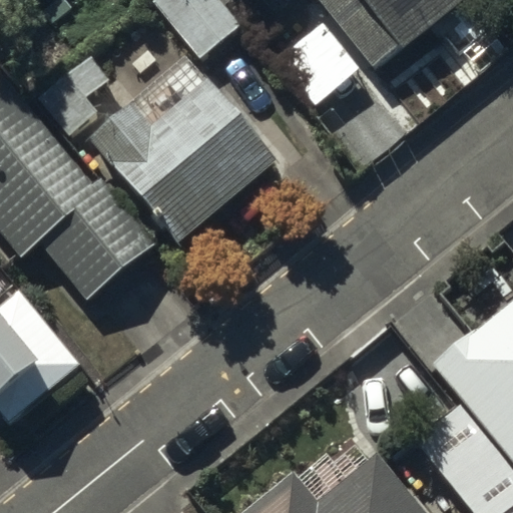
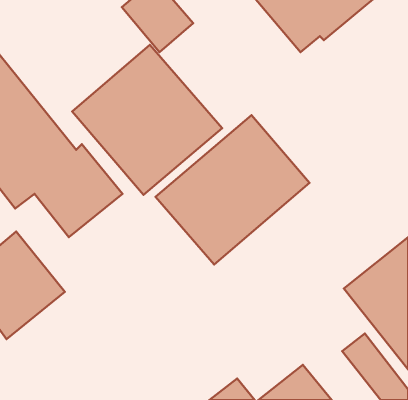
building: none -> [155,115,309,264]

